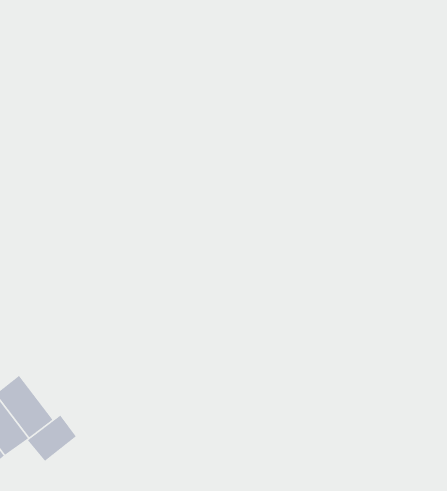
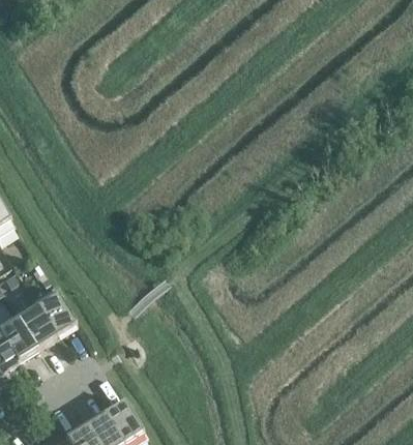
building: [27,414,77,462] -> none

